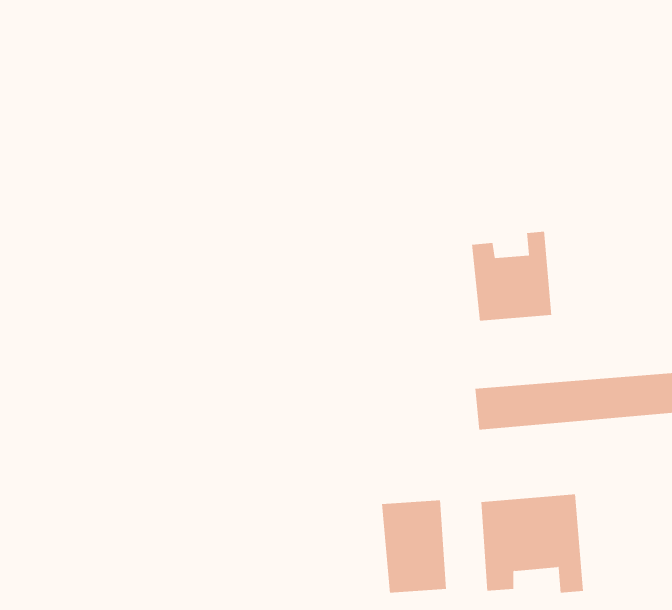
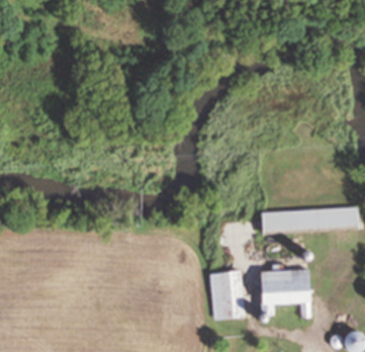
building: [472,231,552,322] -> none

